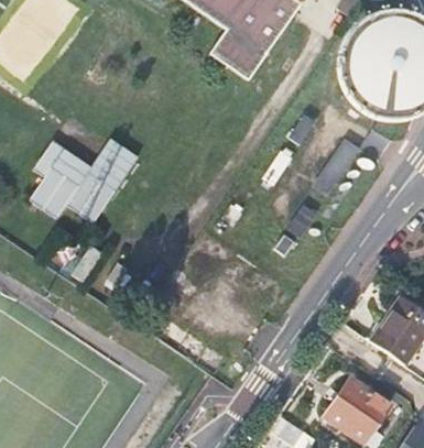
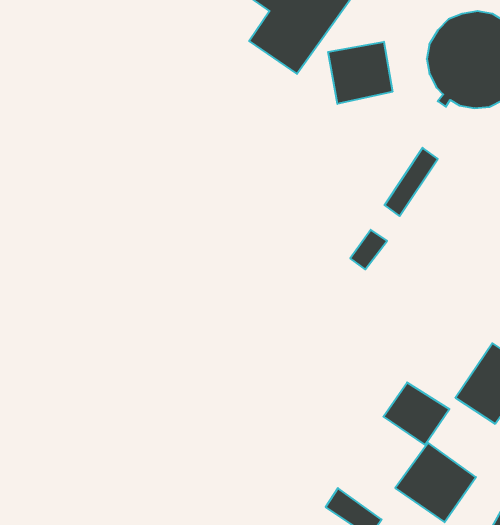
building: none -> [328,42,392,104]
building: [30,138,140,223] -> none
building: none -> [383,382,449,445]

